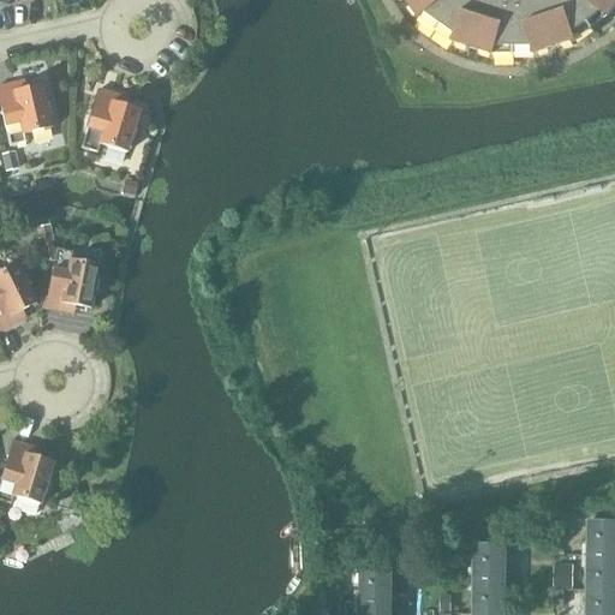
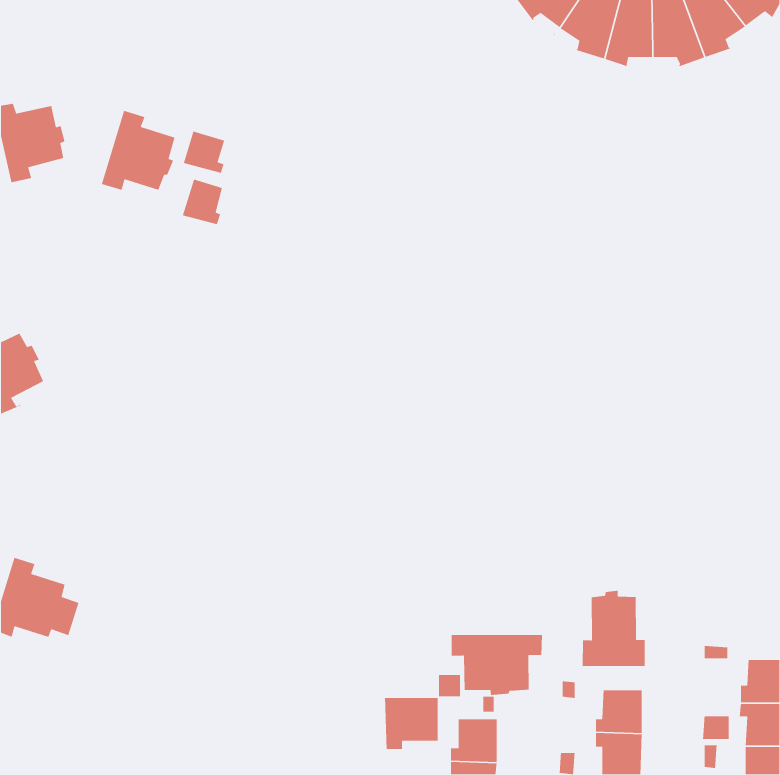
building: none -> [183,130,225,174]
building: none -> [182,178,223,225]
building: [43,246,100,310] -> none
building: none -> [582,590,646,667]
building: none -> [451,634,543,696]
building: none -> [384,697,438,750]

